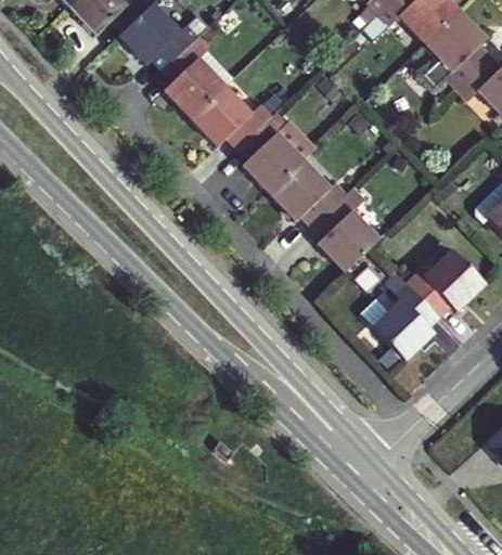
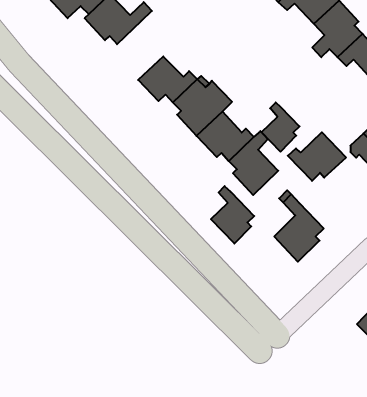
building: [163,38,233,117] -> none
building: none -> [261,102,300,152]
building: [407,250,485,315] -> [288,132,346,181]
building: none -> [211,186,254,244]

